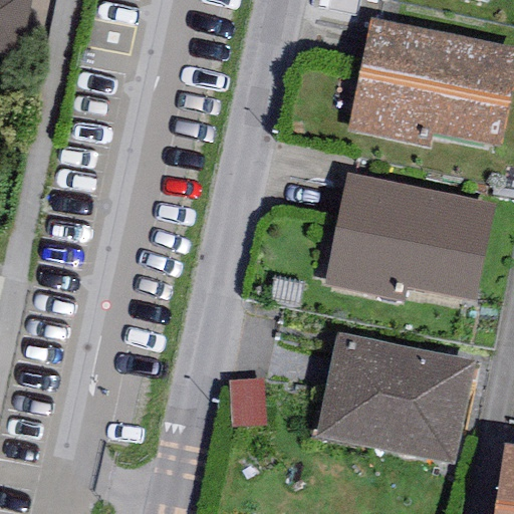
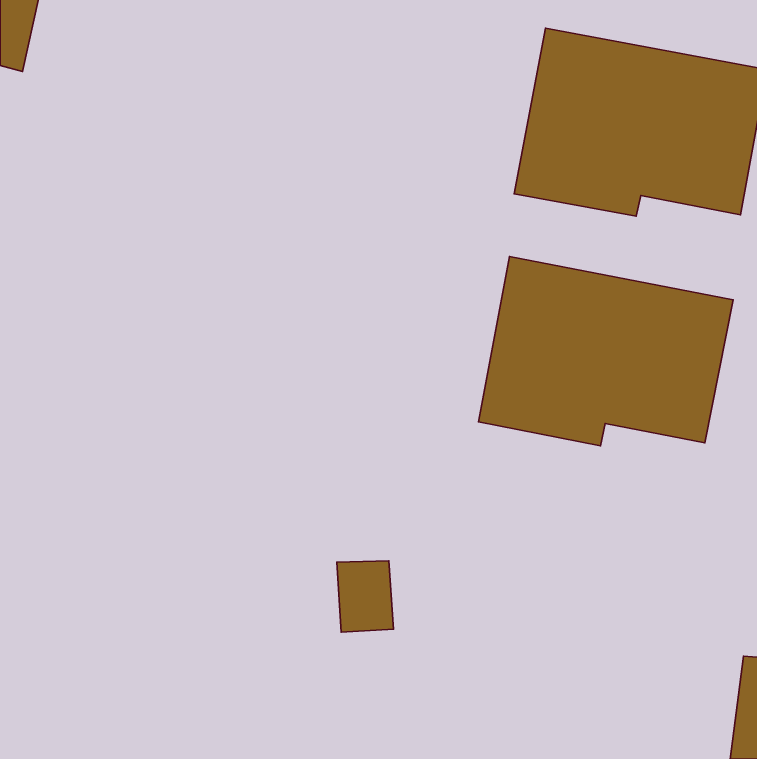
building: [316,332,476,463] -> none

